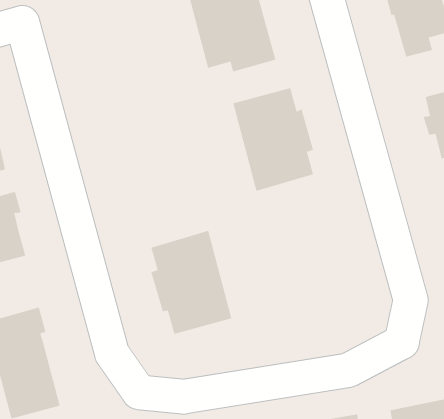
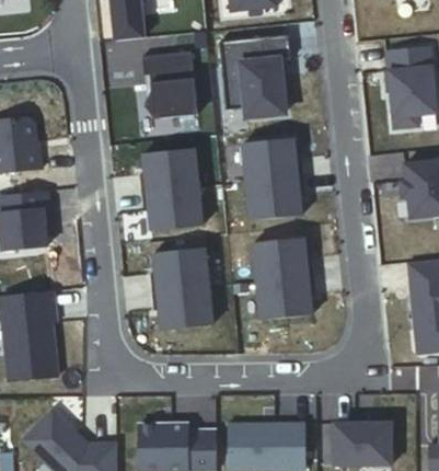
building: none -> [142,51,197,119]
building: none -> [140,149,203,231]
building: none -> [252,238,314,320]

